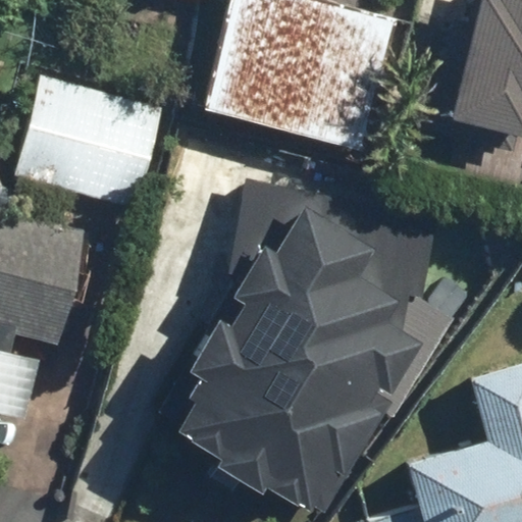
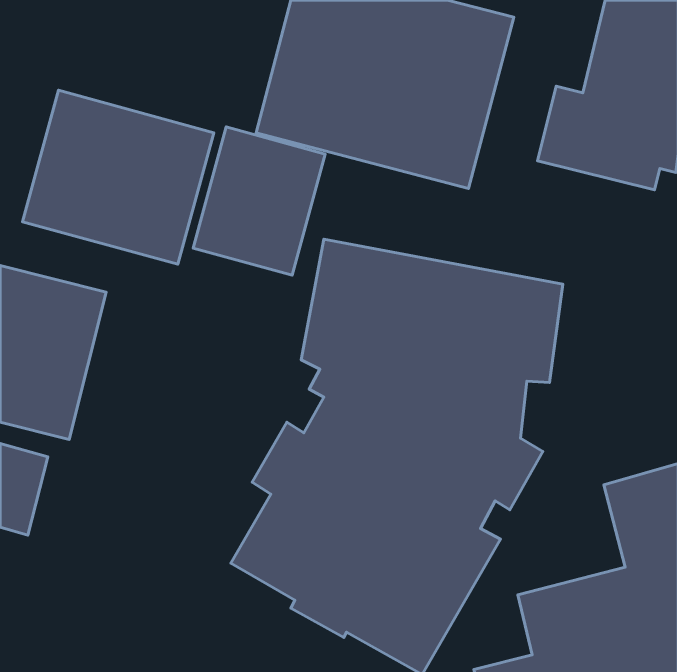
building: none -> [193,127,325,275]

